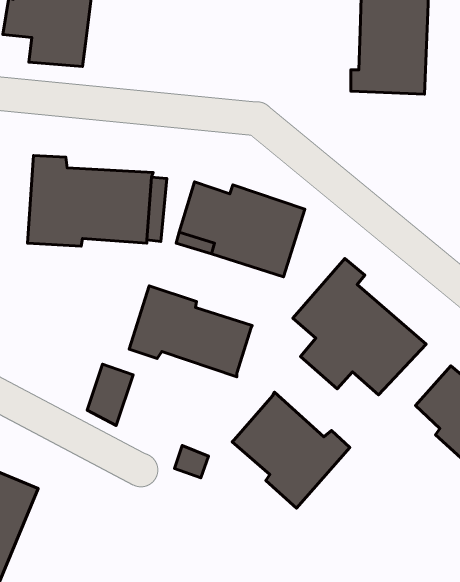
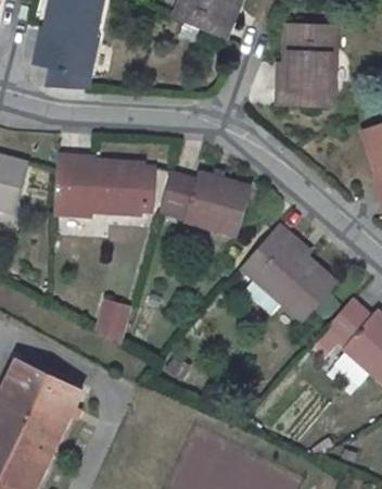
building: [129,286,252,377] -> none
building: [232,392,350,508] -> none

